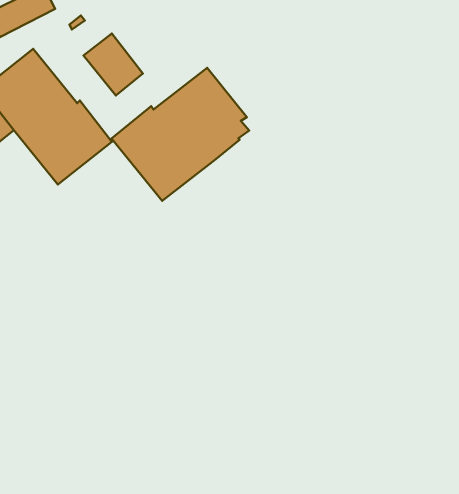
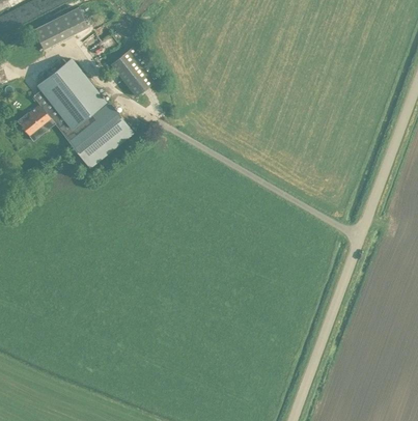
building: [112,68,249,201] -> none

